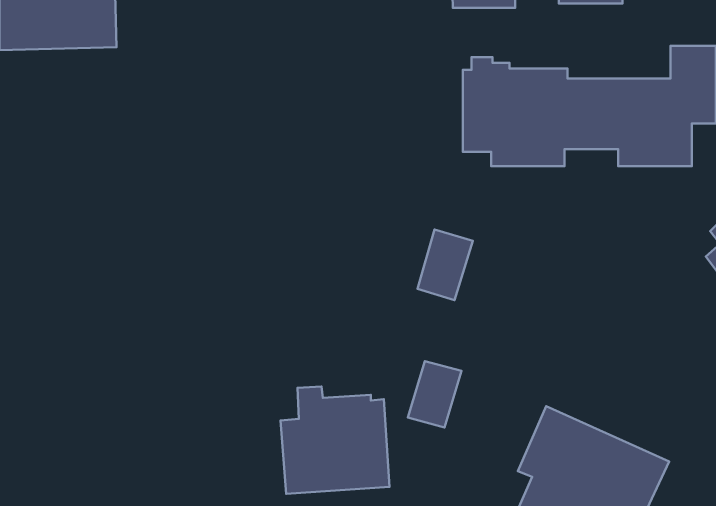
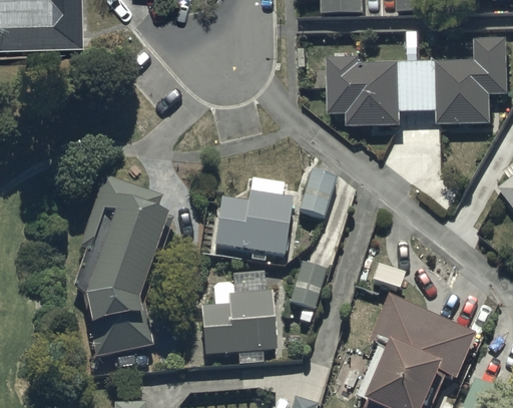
building: none -> [71,175,168,356]
building: none -> [215,180,292,259]

